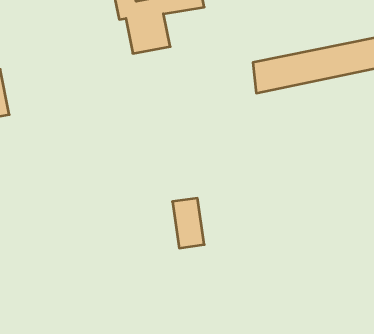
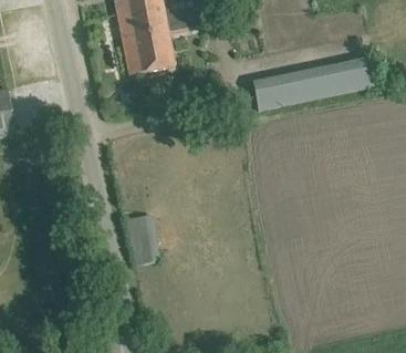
building: [172,198,204,248] -> [127,216,158,264]

